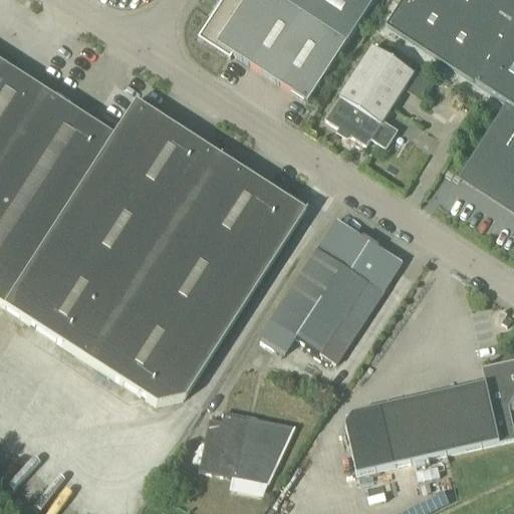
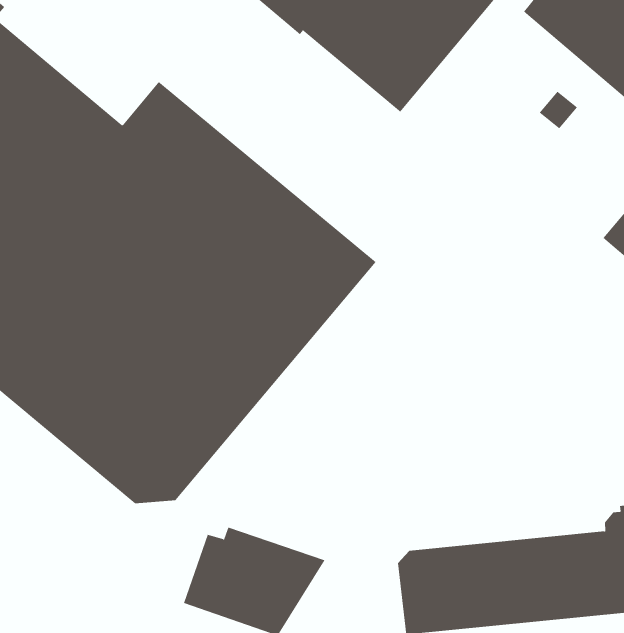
building: [325,42,415,146] -> none
building: [259,217,402,361] -> none

